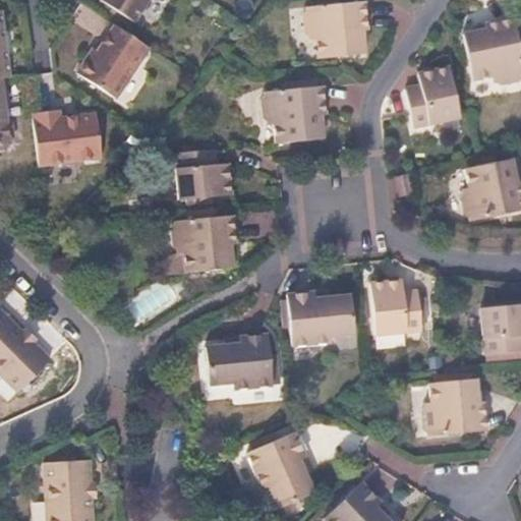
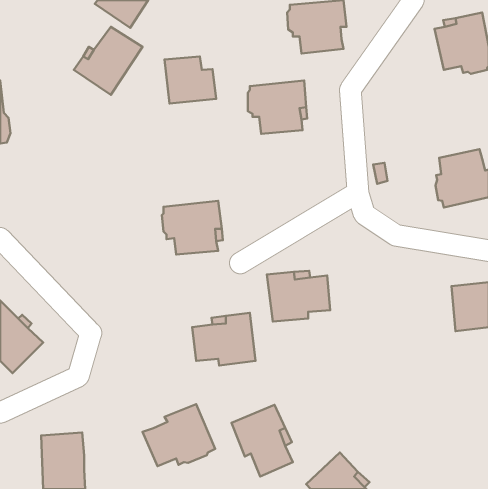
building: [404,65,460,127] -> none
building: [33,111,103,168] -> none
building: [177,151,232,200] -> [165,57,216,103]
building: [371,280,425,335] -> none
building: [425,378,489,435] -> none
building: none -> [142,404,215,466]

